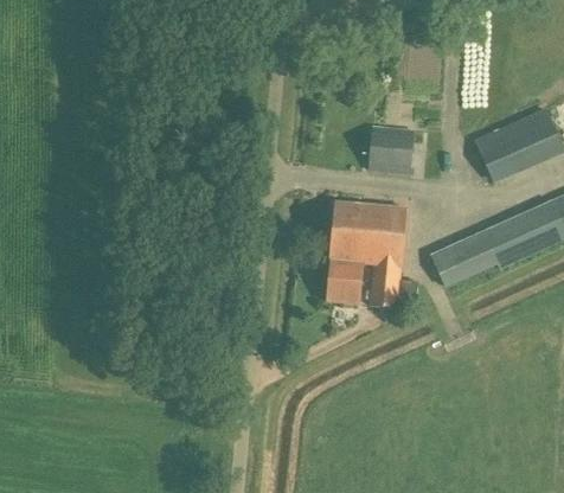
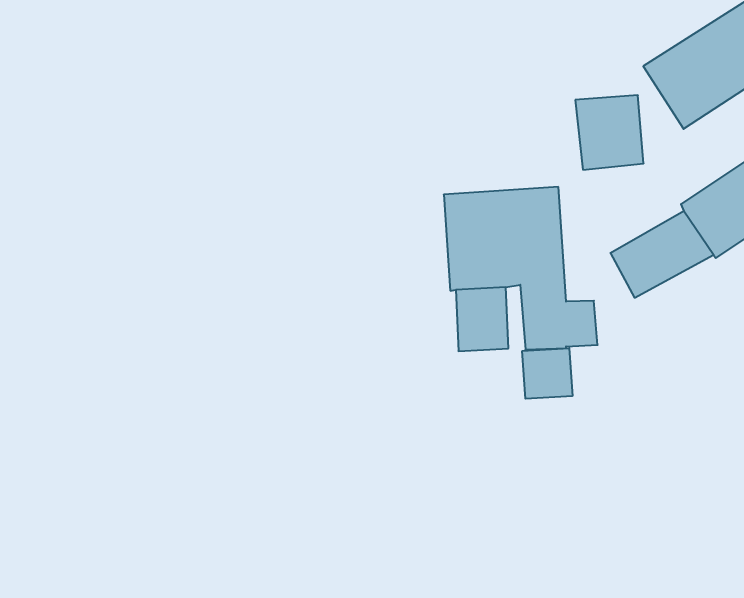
building: [371,124,414,172] -> [575,95,644,170]
building: none -> [522,348,572,399]

